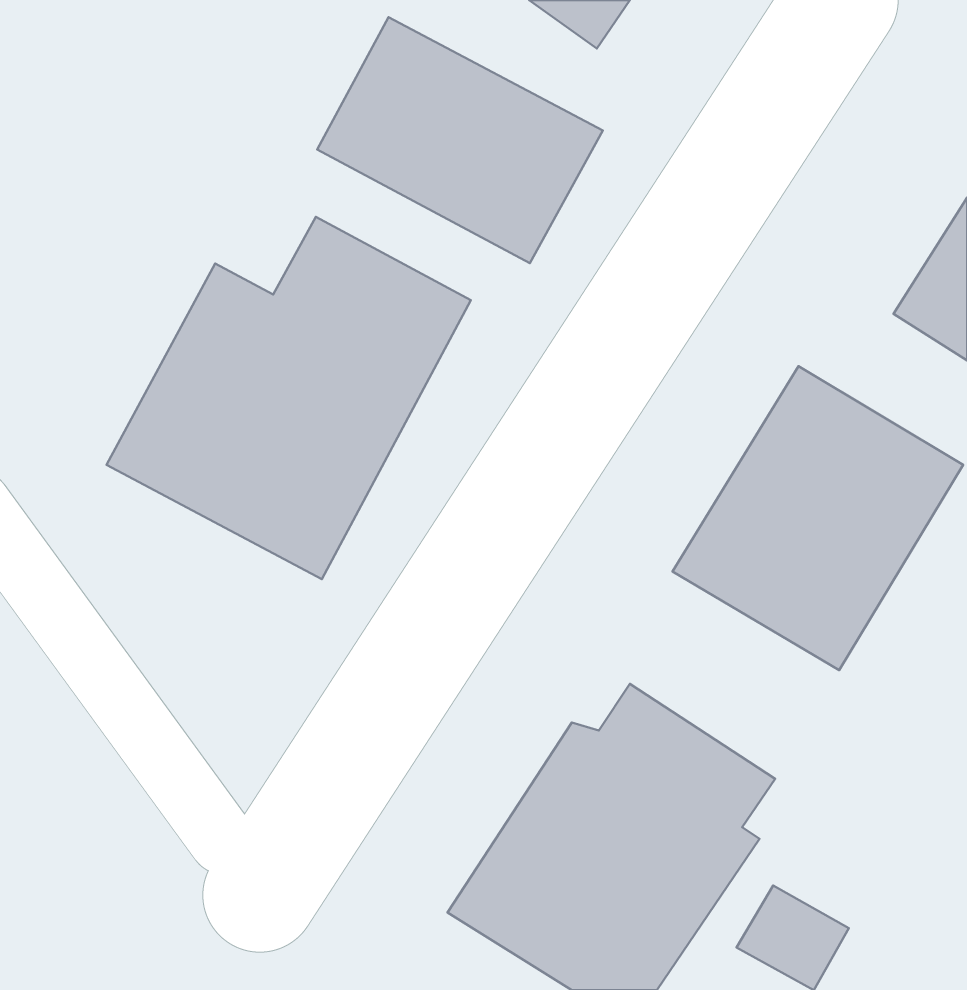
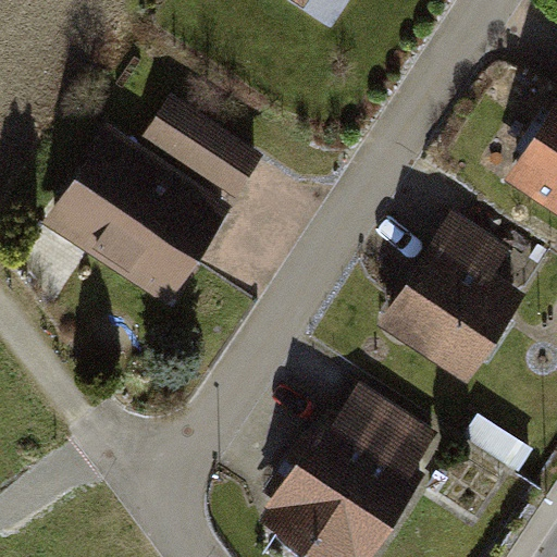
building: [317,17,603,263] -> none

